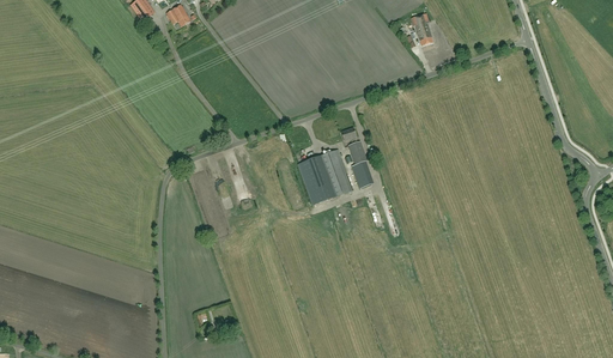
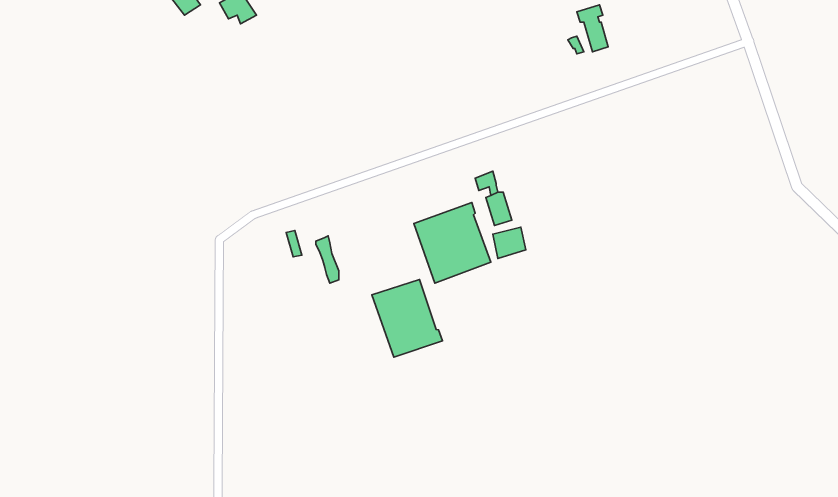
building: none -> [372,279,442,357]

